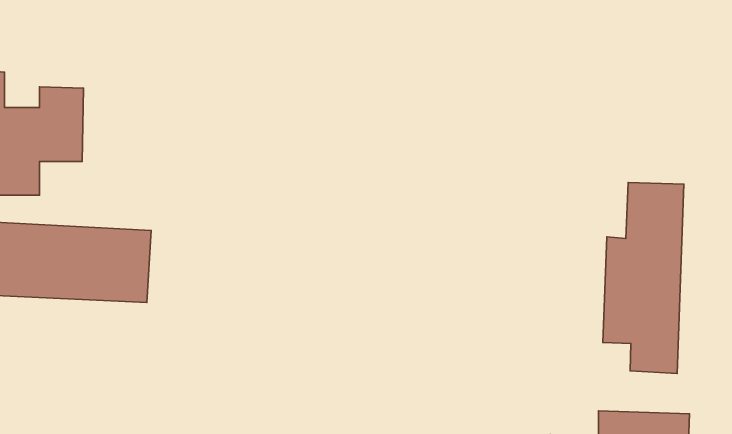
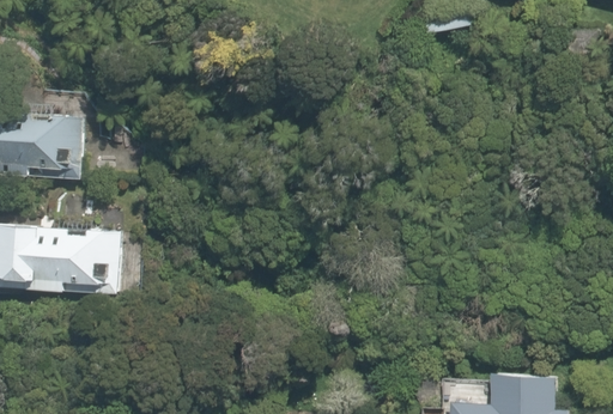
building: [603,182,684,373] -> none

